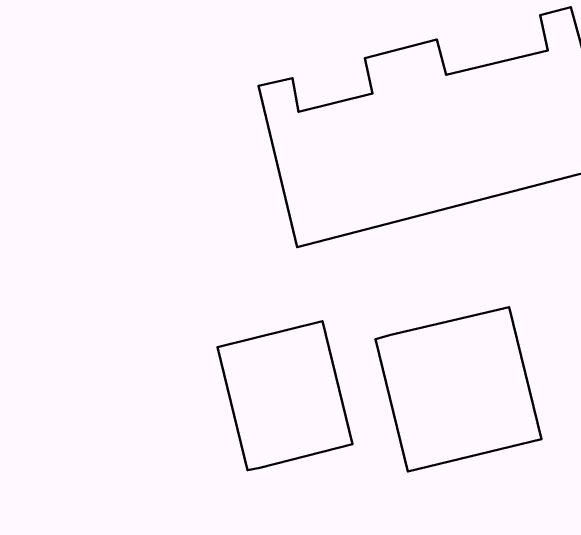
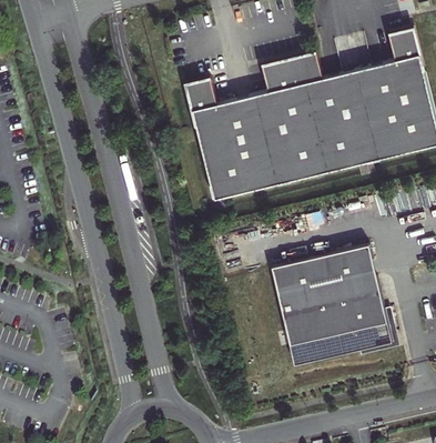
building: [217,321,352,470] -> none

